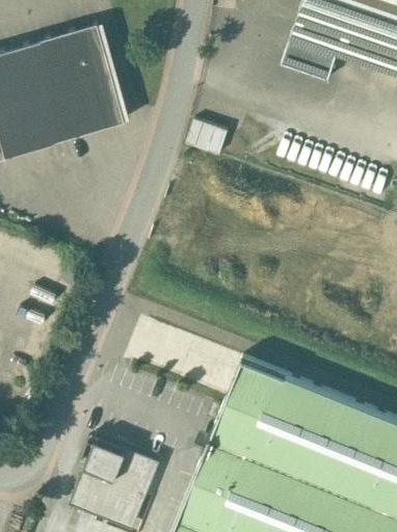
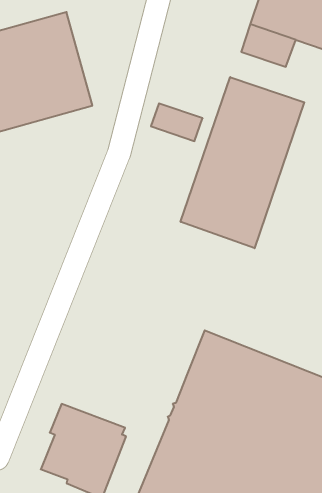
building: none -> [181,77,304,248]

